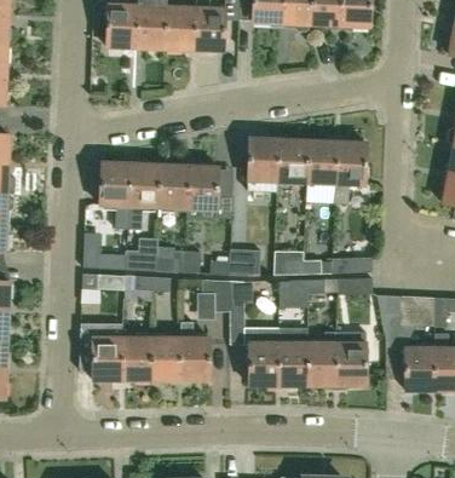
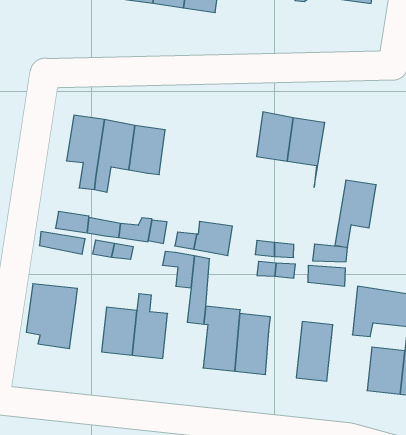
building: [247,138,278,191] -> none
building: [334,143,367,206] -> [335,180,376,248]
building: [188,166,232,218] -> none
building: [306,332,336,385] -> none
building: [121,336,151,380] -> none

